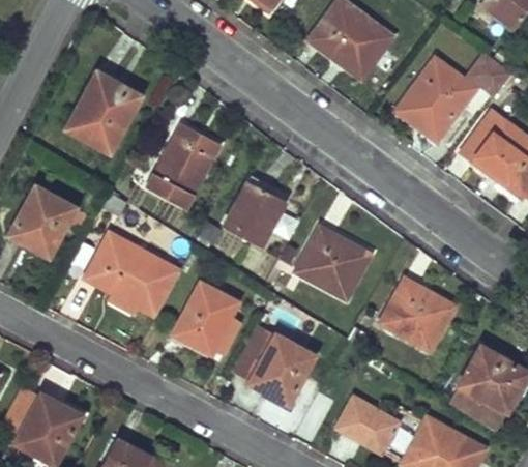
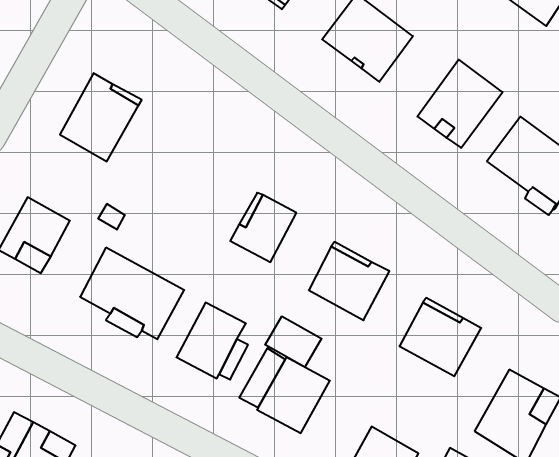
building: [469,53,512,96] -> none
building: [148,123,219,208] -> none
building: none -> [265,316,322,367]

